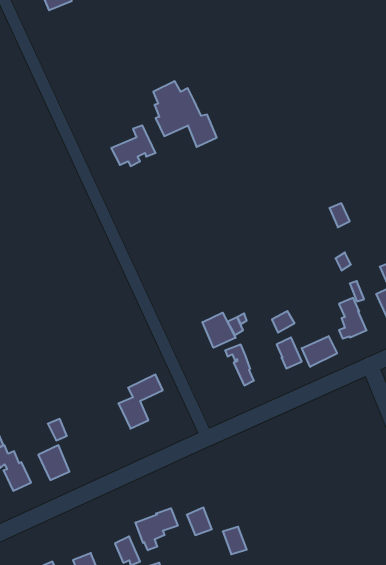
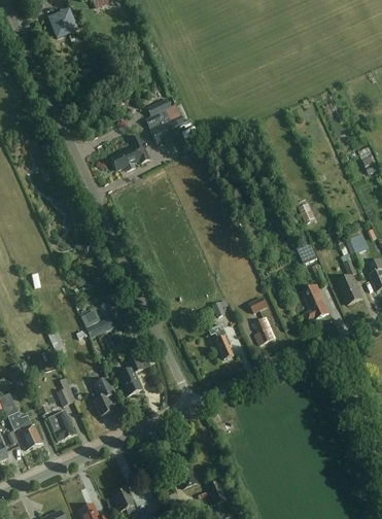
building: [202,313,236,348] -> none
building: none -> [76,301,115,338]
building: [302,336,337,367] -> none
building: none -> [94,377,114,415]
building: [135,508,178,550] -> none

